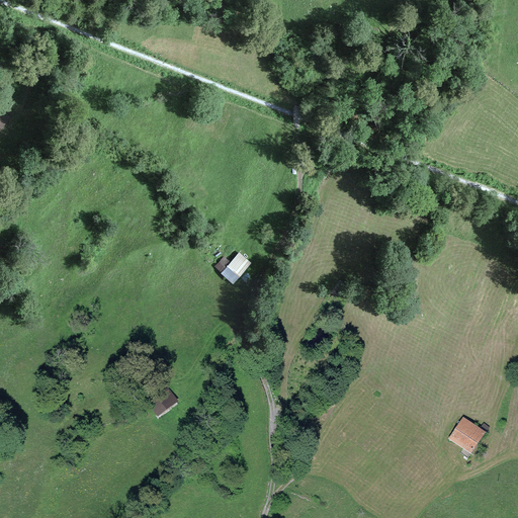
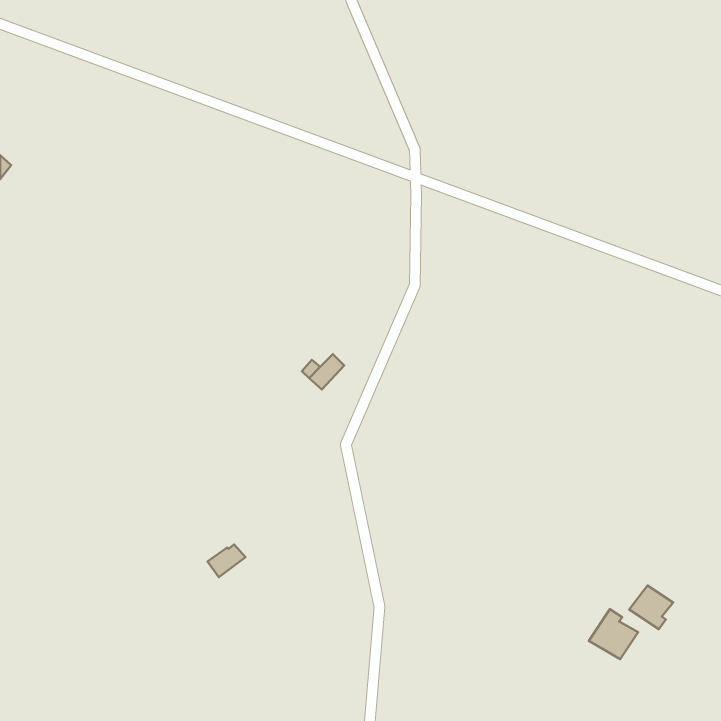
building: none -> [589,609,638,659]

